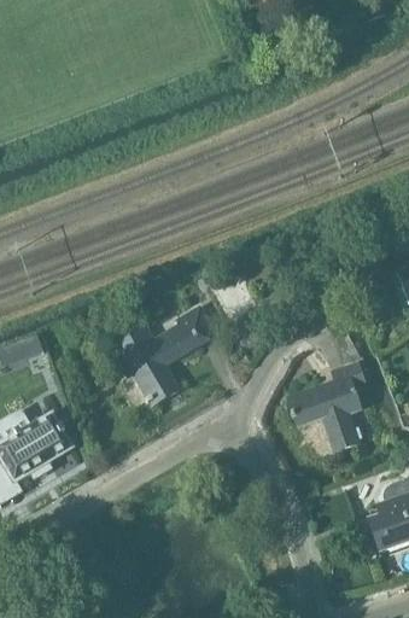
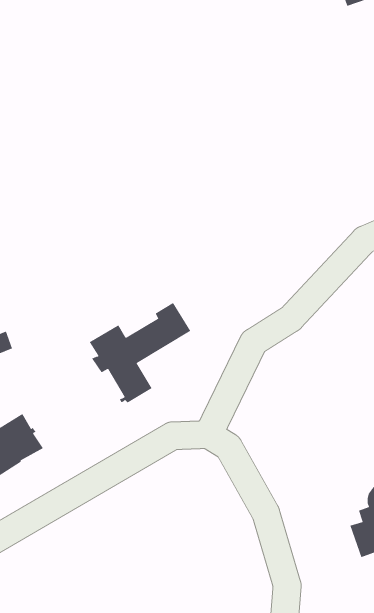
building: [290,362,366,449] -> none

